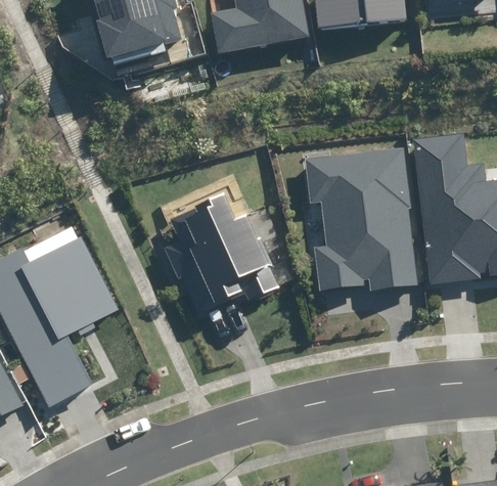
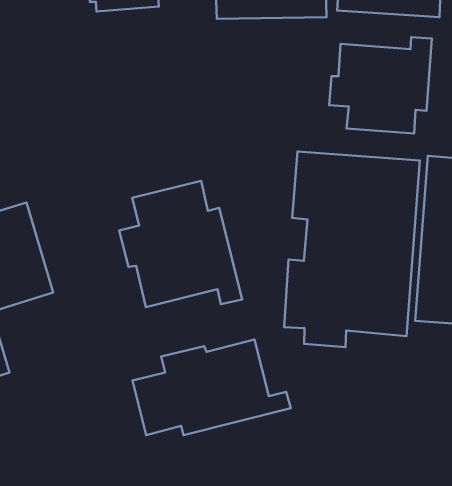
building: none -> [329,37,432,134]
building: none -> [132,339,291,435]

